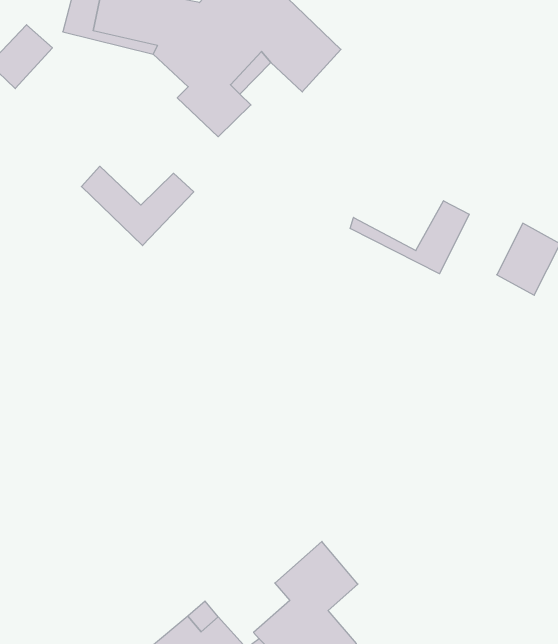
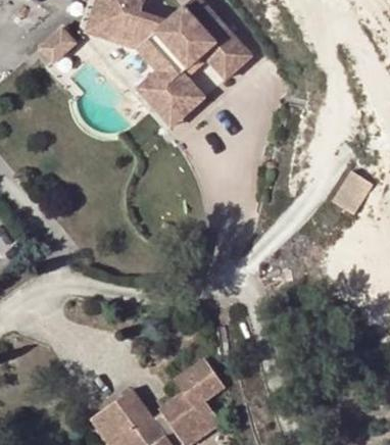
building: [81,166,194,246] -> [136,78,203,128]
building: [350,201,469,274] -> none

